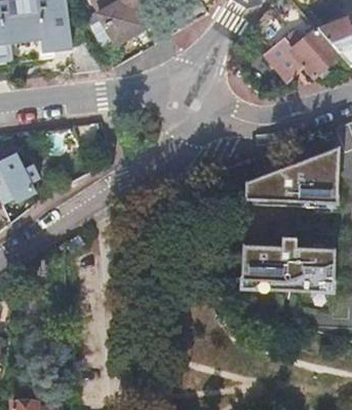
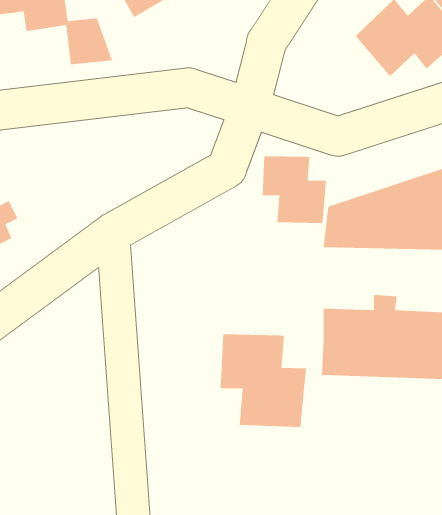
building: none -> [262,156,327,224]
building: none -> [220,333,307,428]

